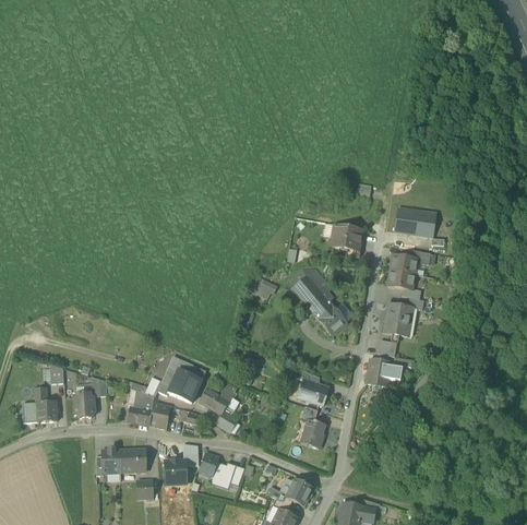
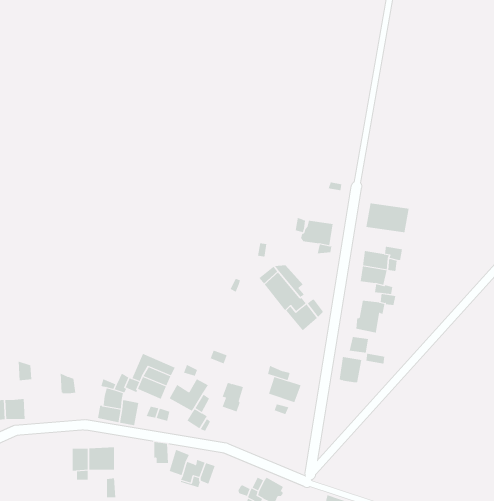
building: [73,392,95,418] -> none
building: [303,419,325,449] -> [222,382,244,412]
building: [165,458,185,484] -> none

